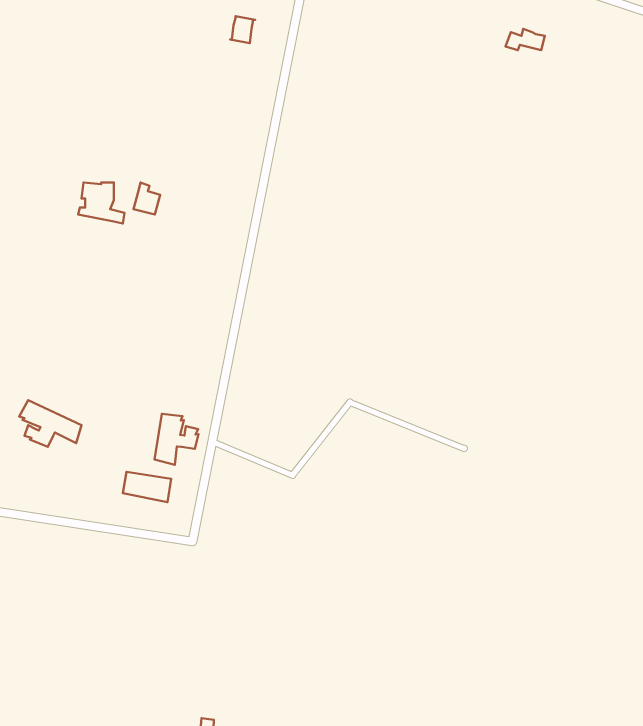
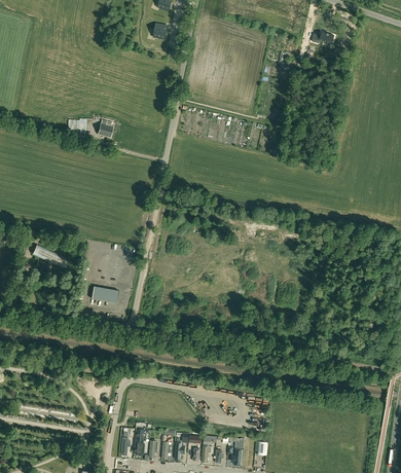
building: [154,414,198,465] -> none

